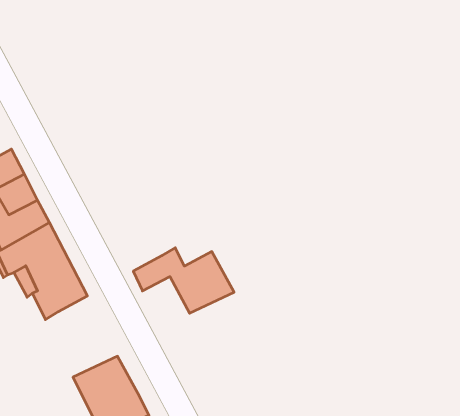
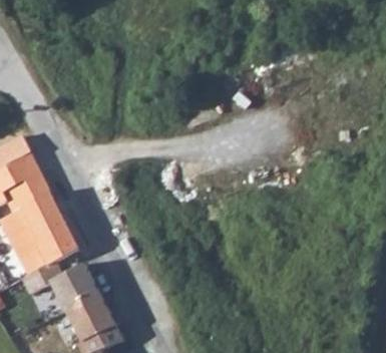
building: [133,248,234,313] -> [23,261,100,311]

